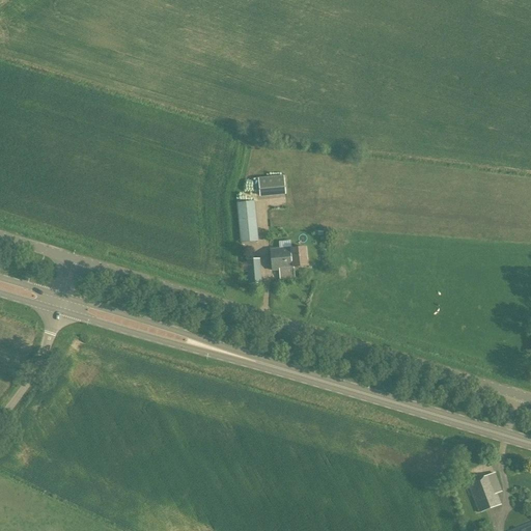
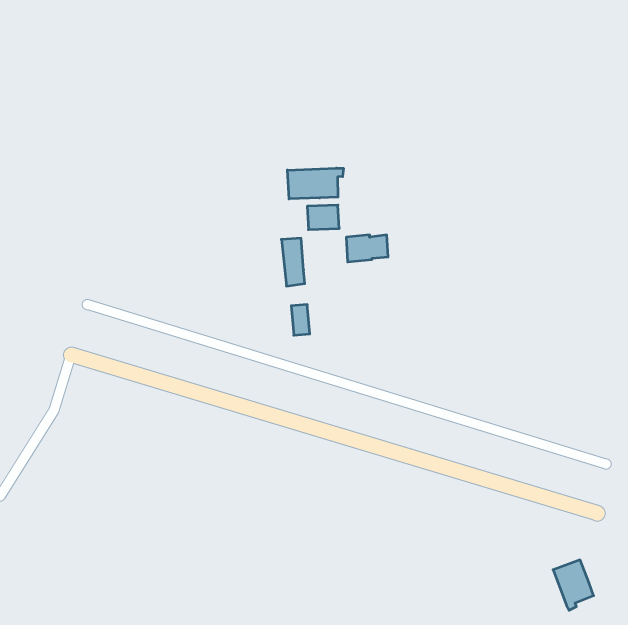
building: none -> [287,168,343,199]
building: [271,246,306,269] -> [346,235,388,262]

